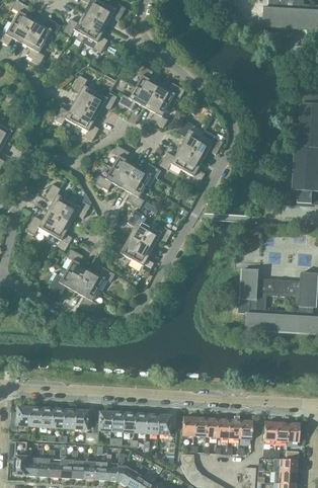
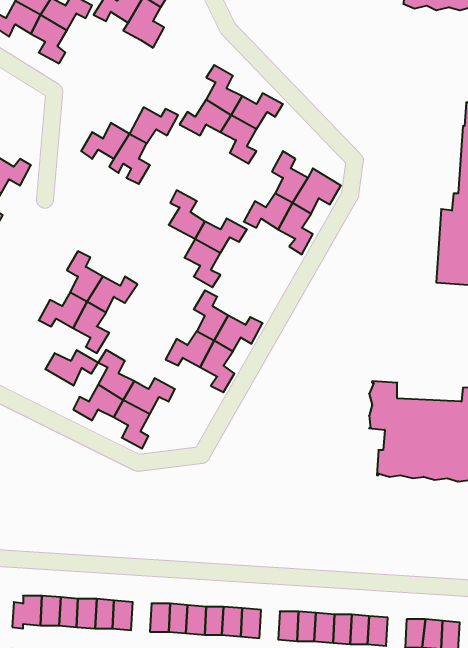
building: [72,74,94,107] -> none
building: [94,166,128,188] -> none
building: none -> [45,350,98,386]

